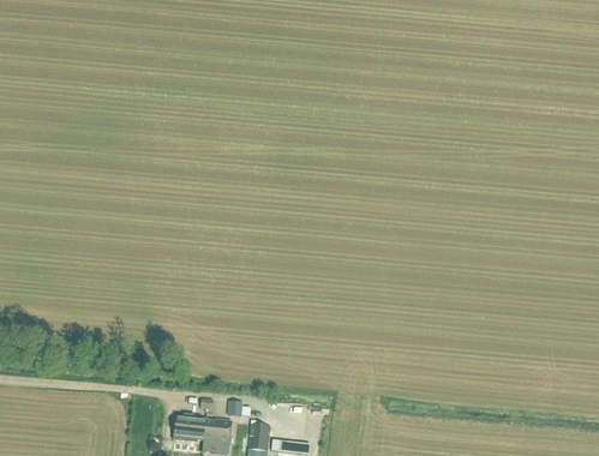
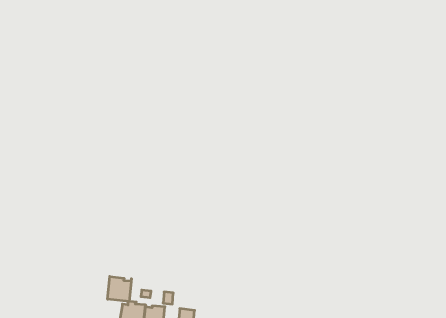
building: none -> [108,276,131,301]

